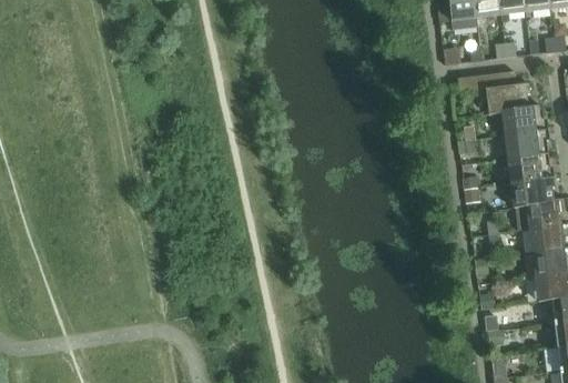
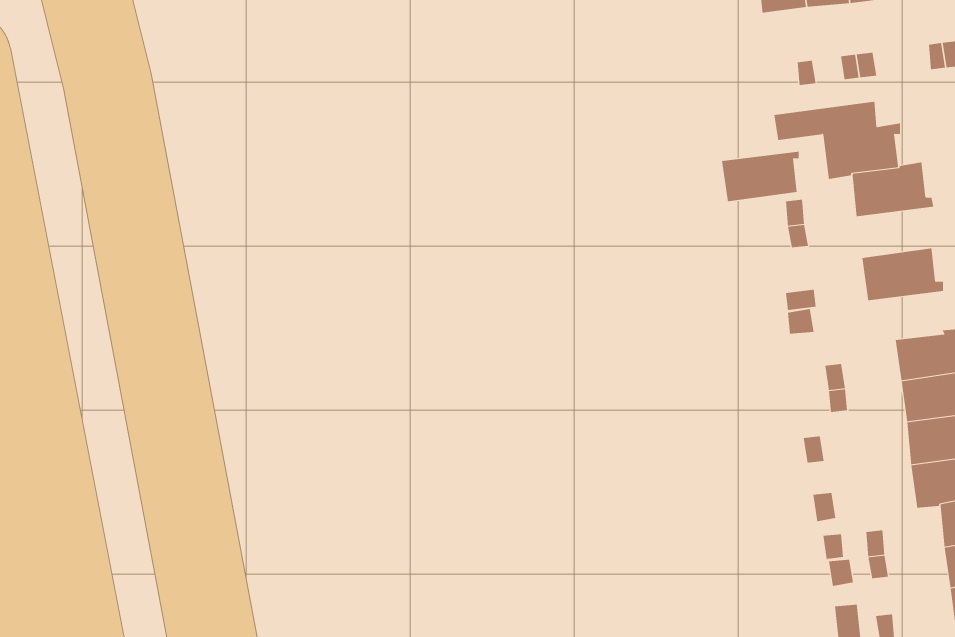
building: [503,130,547,159] -> [721,151,800,202]
building: [509,178,554,208] -> none

